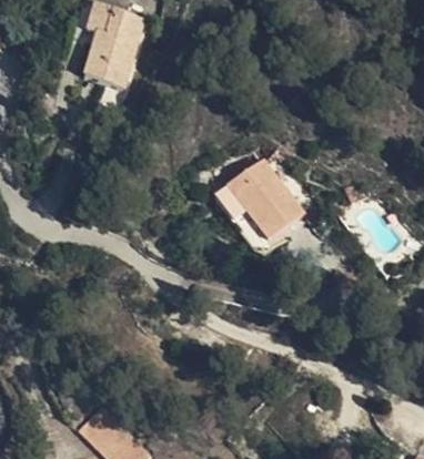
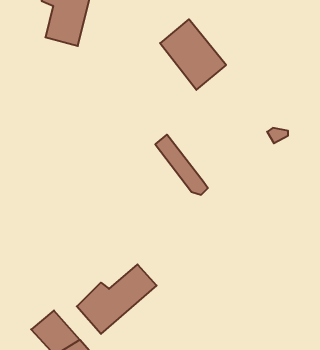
building: [231,165,307,247] -> [160,19,226,90]
building: none -> [77,264,157,334]

